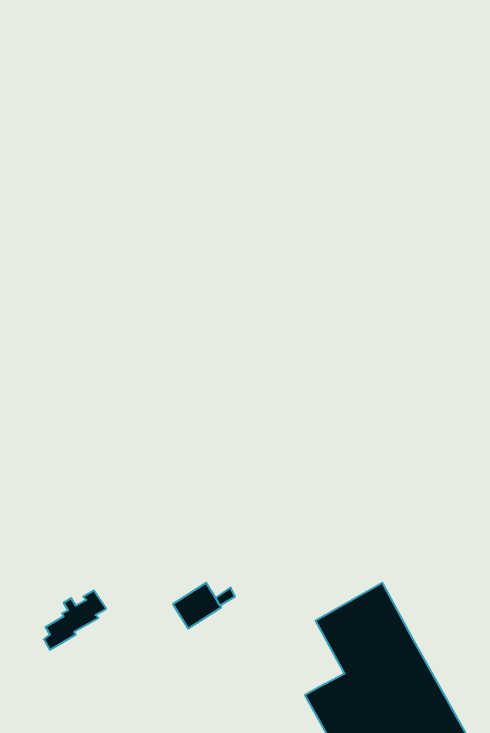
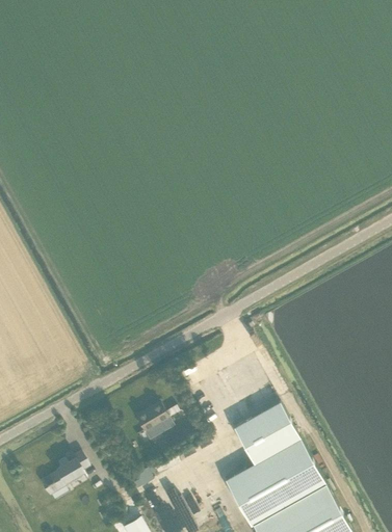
building: [44,591,106,650] -> [46,454,88,495]

